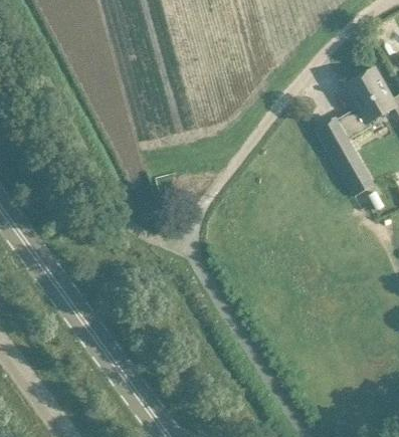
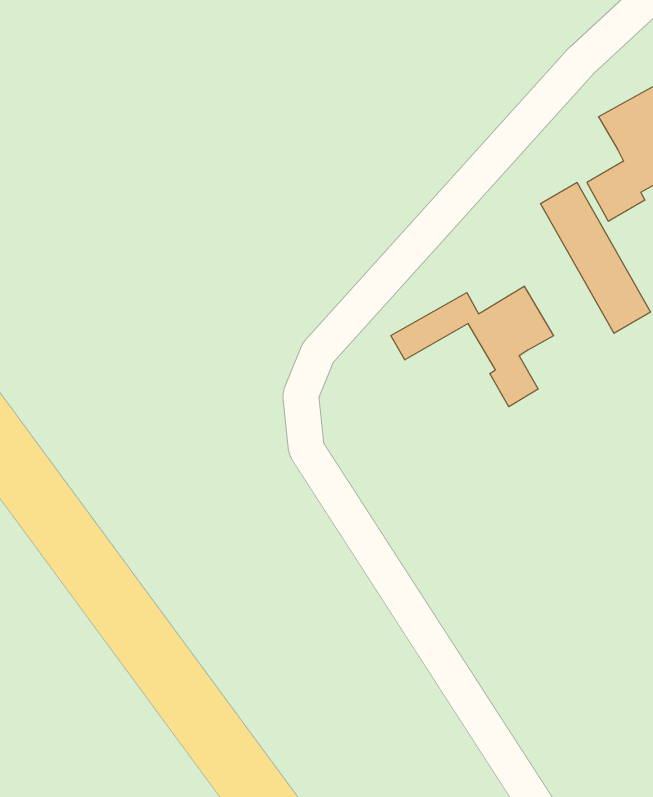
building: none -> [391,286,554,407]

